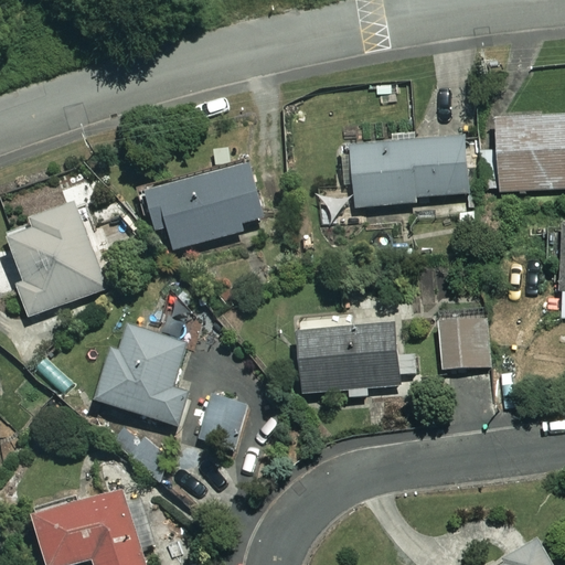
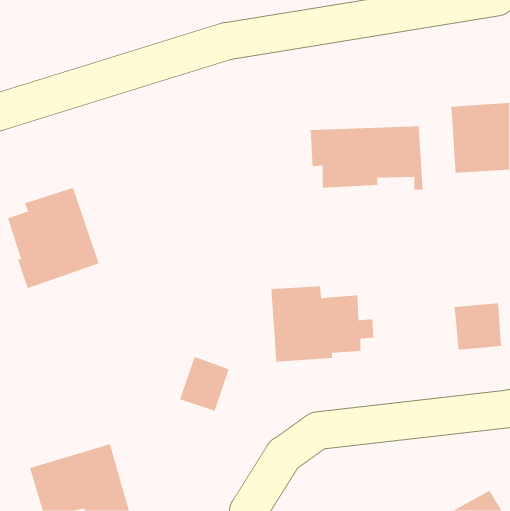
building: [143,163,265,249] -> none
building: [436,317,489,369] -> [454,303,502,350]
building: [94,319,188,420] -> none

